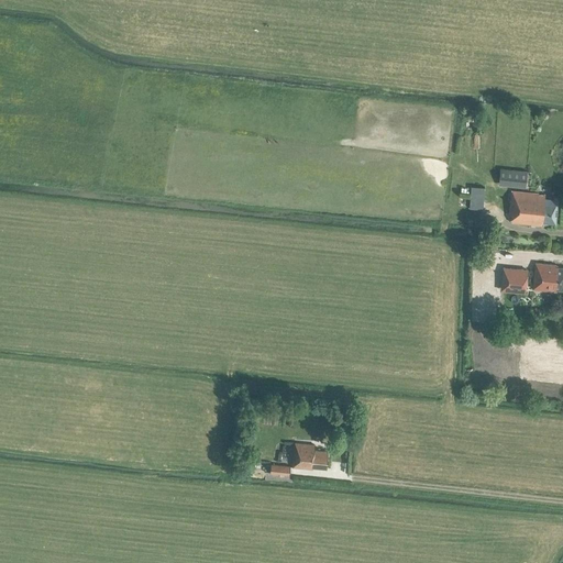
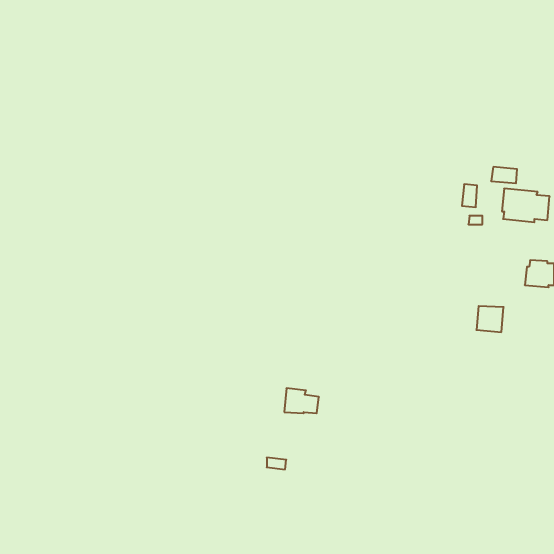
building: [500,268,528,295] -> [476,306,504,332]
building: [292,443,328,468] -> [284,388,319,413]

